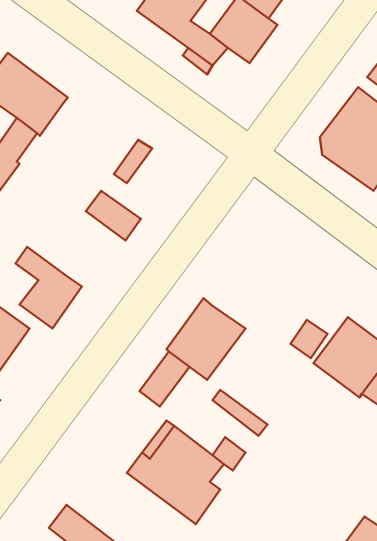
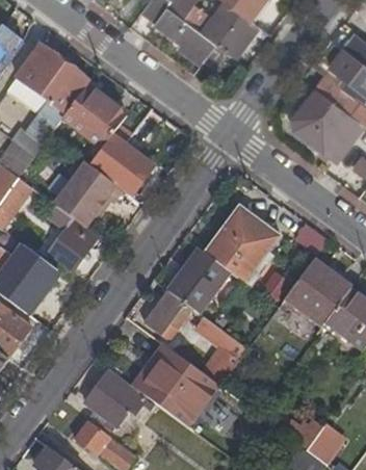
building: none -> [61,88,125,149]
building: none -> [54,163,122,228]
building: none -> [205,207,278,282]
building: none -> [85,370,142,427]

